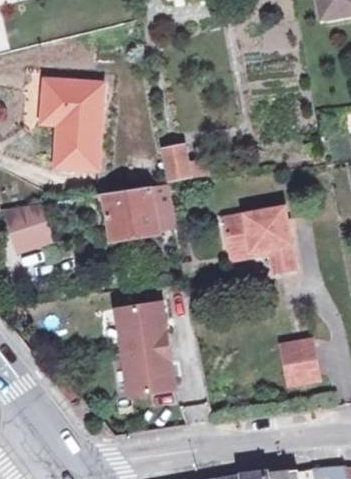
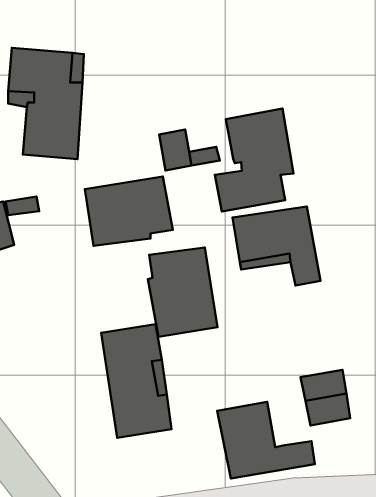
building: none -> [215,108,293,212]
building: none -> [148,248,217,337]
building: none -> [217,402,315,478]

